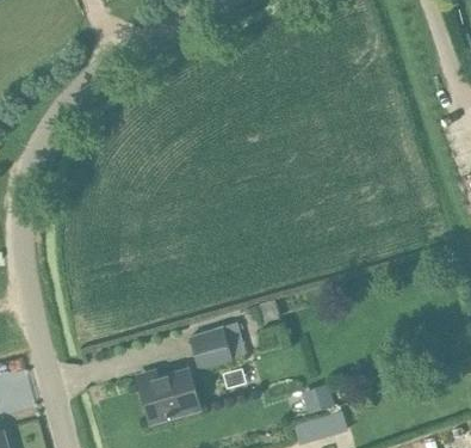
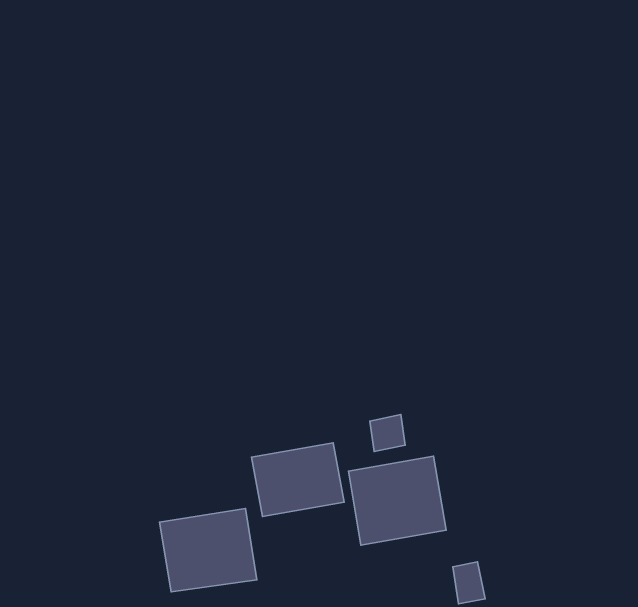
building: none -> [349,456,446,545]

